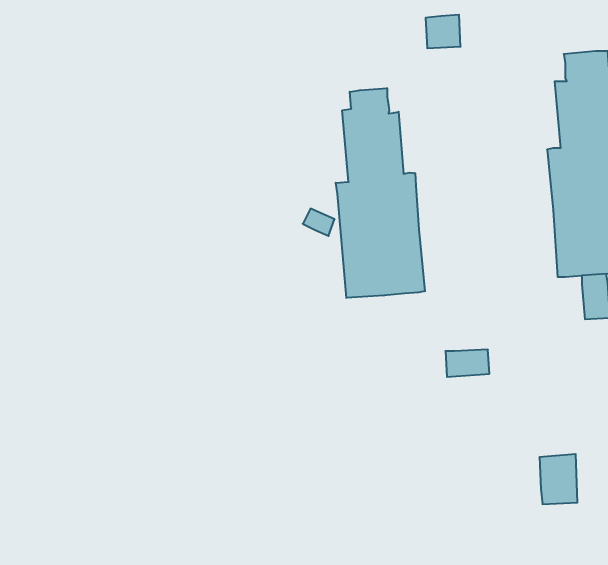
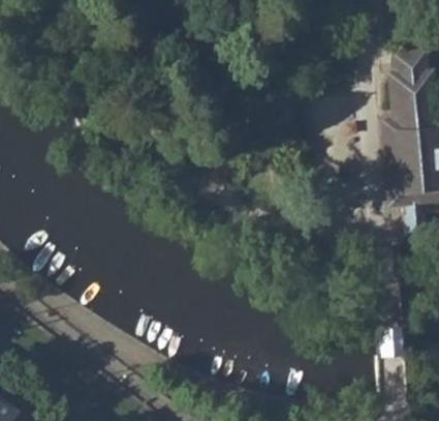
building: [336,88,425,298] -> none

